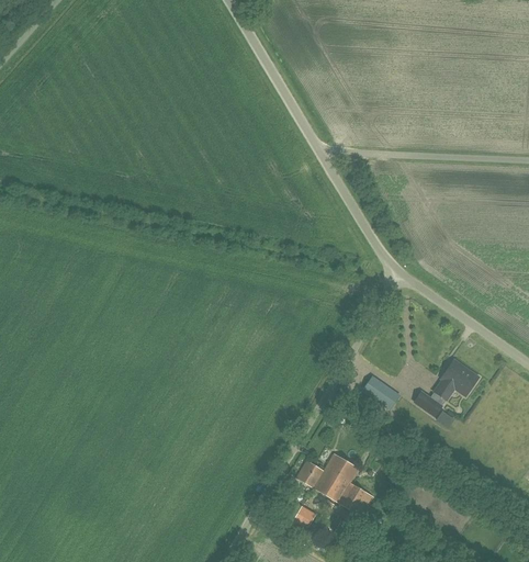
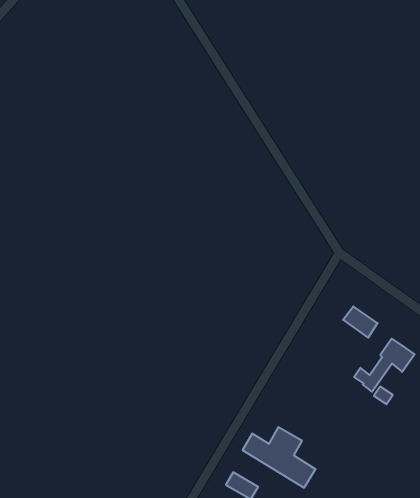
building: [362,375,398,408] -> [343,306,378,338]

